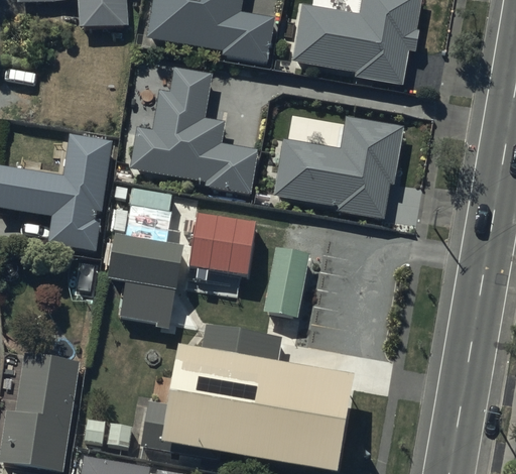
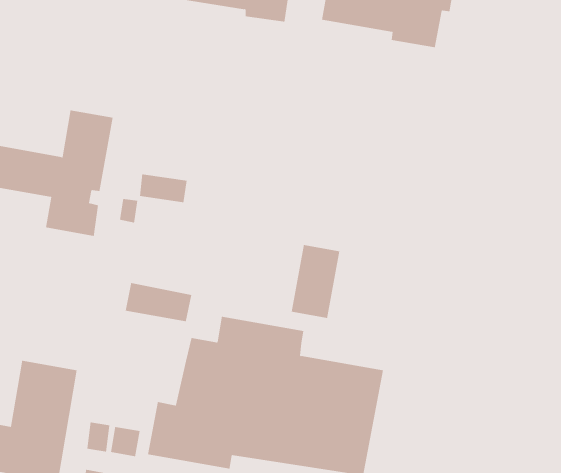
building: [131,73,253,188] -> none
building: [274,118,401,216] -> none
building: [194,221,259,280] -> none
building: [114,244,189,297] -> none

